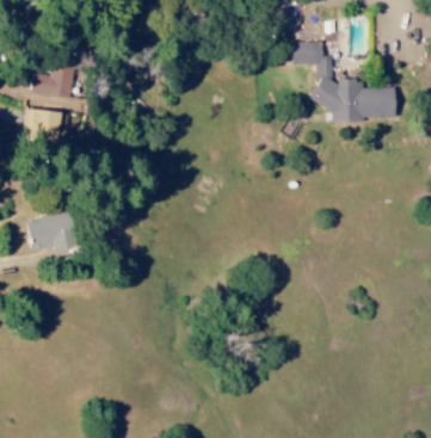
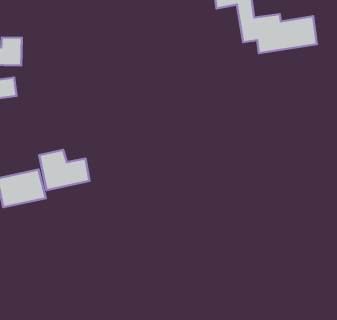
building: none -> [39,150,90,190]

